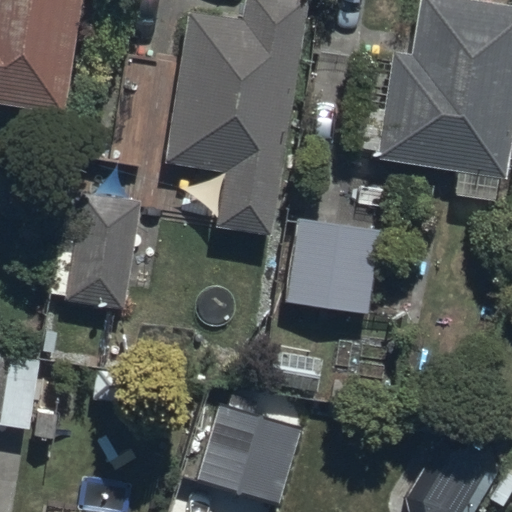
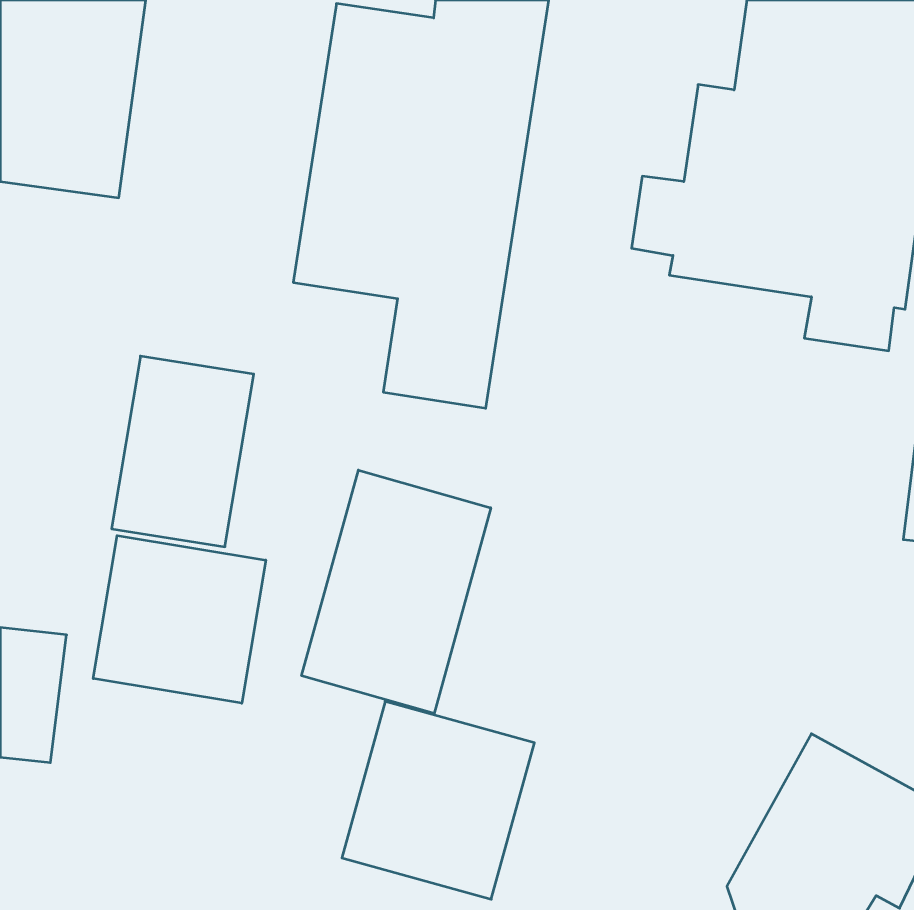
building: [285,218,381,314] -> none
building: none -> [302,470,491,713]
building: none -> [93,536,266,703]

